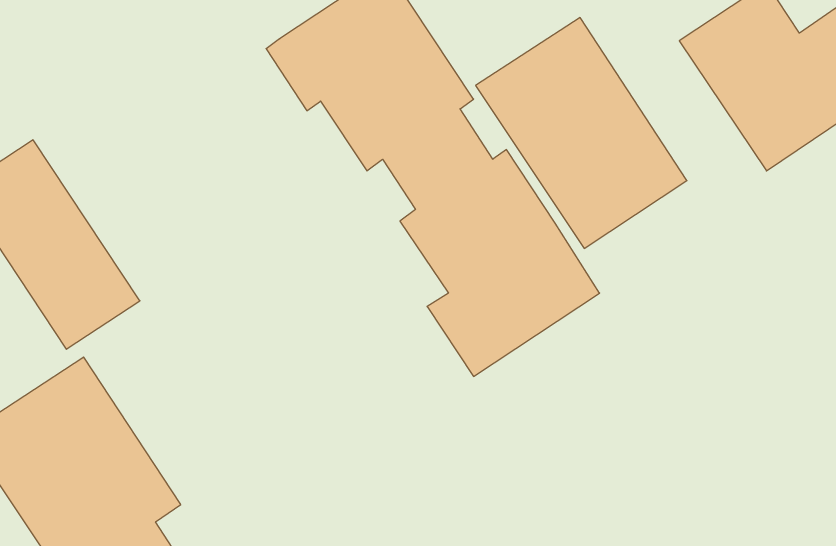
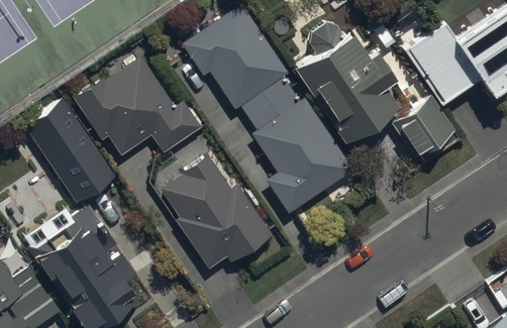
building: none -> [71,56,203,155]
building: none -> [389,99,455,163]
building: none -> [159,152,272,267]

